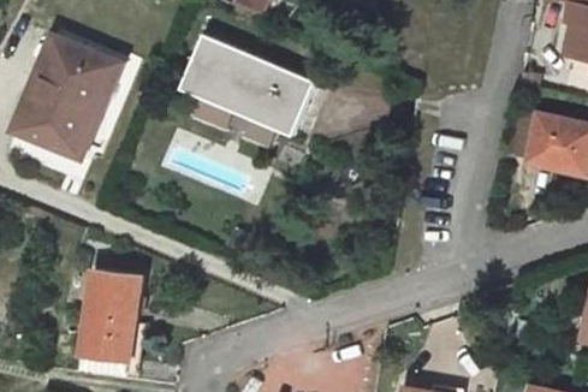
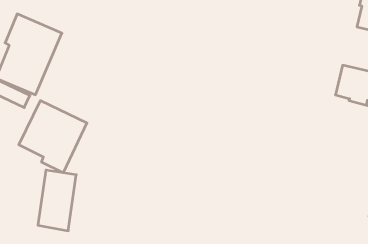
building: [189,37,305,133] -> none
building: none -> [19,101,87,173]

